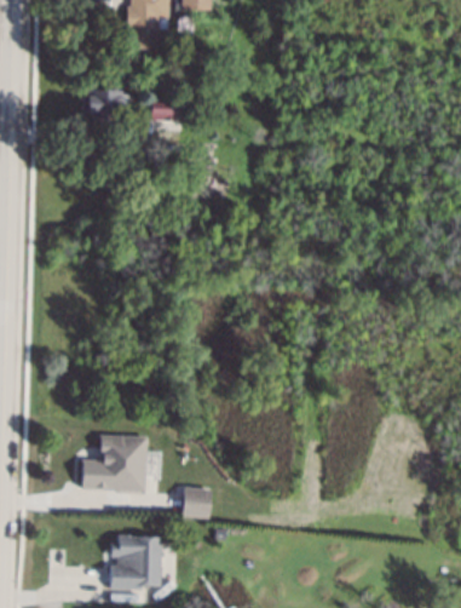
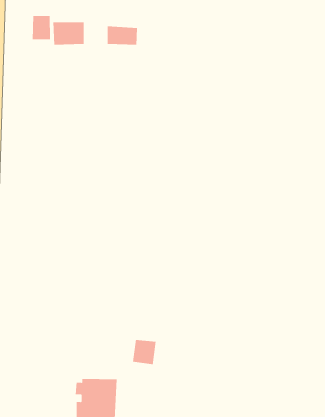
building: none -> [32,15,50,40]
building: [82,434,149,491] -> none

